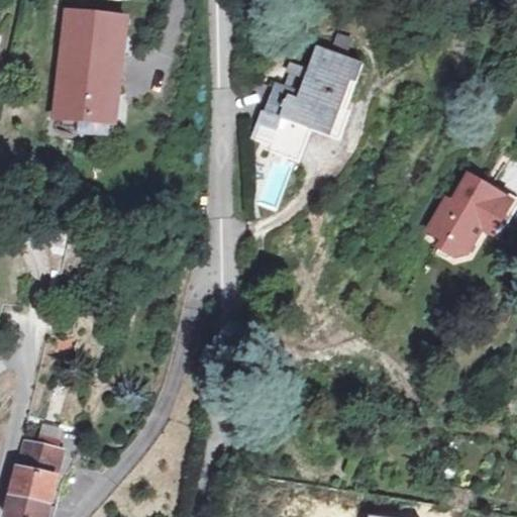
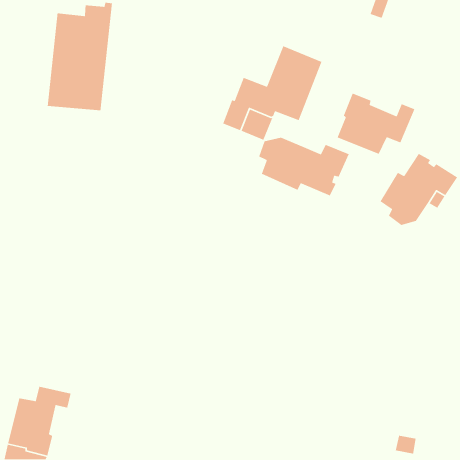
building: none -> [336,93,415,155]
building: none -> [258,137,350,197]

